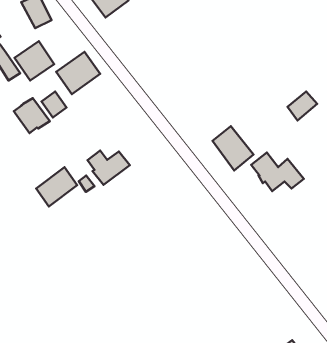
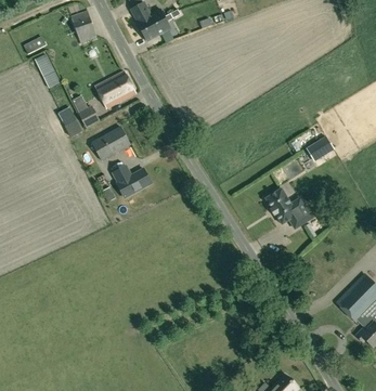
building: [15,41,54,81] -> none
building: [213,126,253,170] -> none
building: [36,167,77,206] -> [92,126,131,160]

